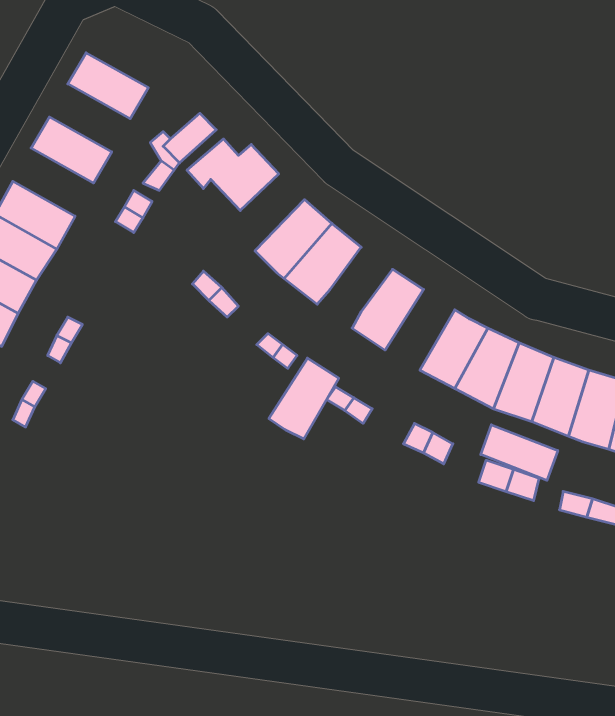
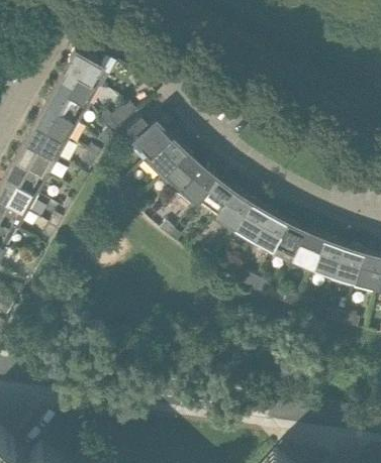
building: none -> [66,49,110,89]
building: none -> [46,87,91,124]
building: none -> [26,122,71,159]
building: none -> [146,136,187,179]
building: none -> [201,177,235,212]
building: [269,358,339,439] -> [231,200,270,244]
building: [481,425,558,480] -> none

